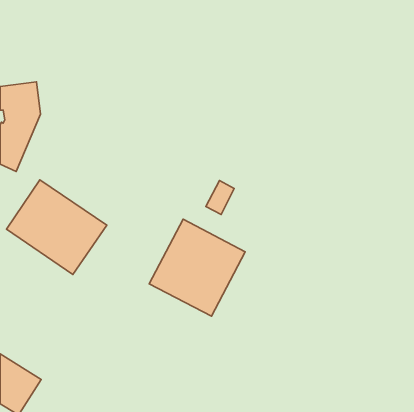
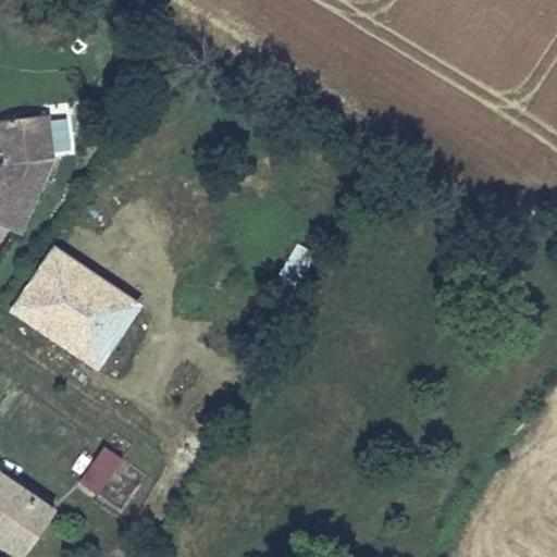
building: [149,219,245,316] -> none
building: none -> [75,447,124,502]

